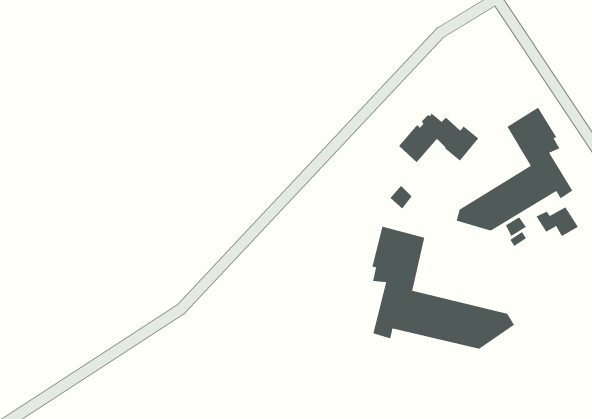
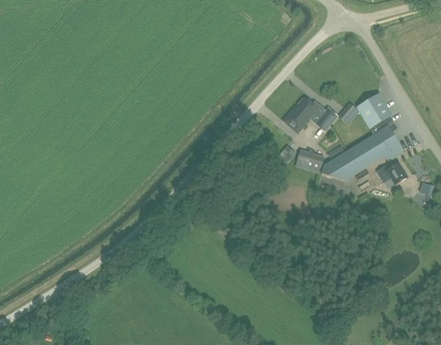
building: none -> [296,149,324,171]
building: [372,226,515,350] -> none

